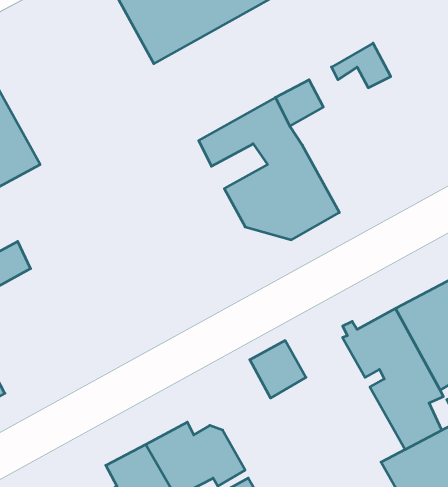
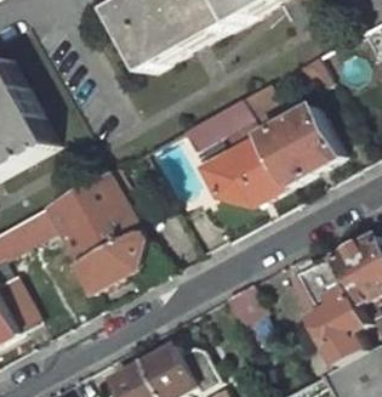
building: none -> [261,104,342,185]
building: none -> [45,171,144,293]

